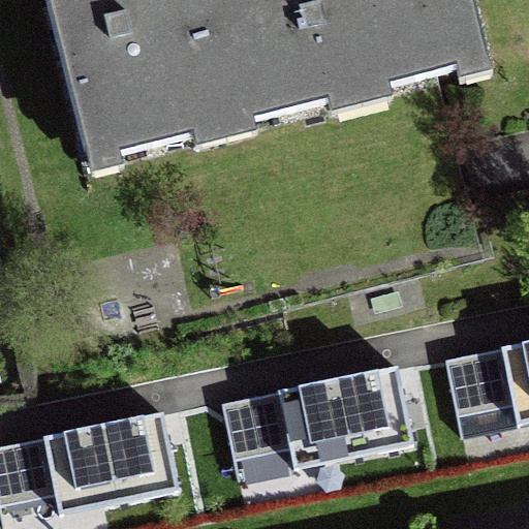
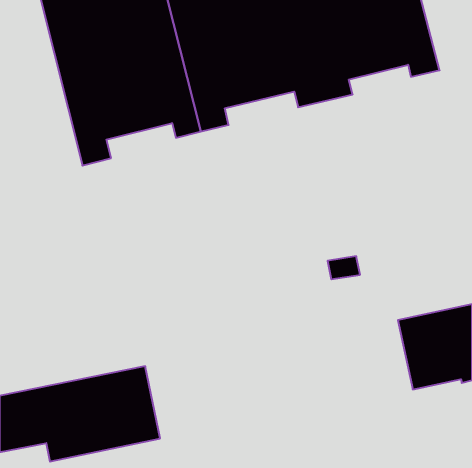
building: [220,364,414,470] -> none

